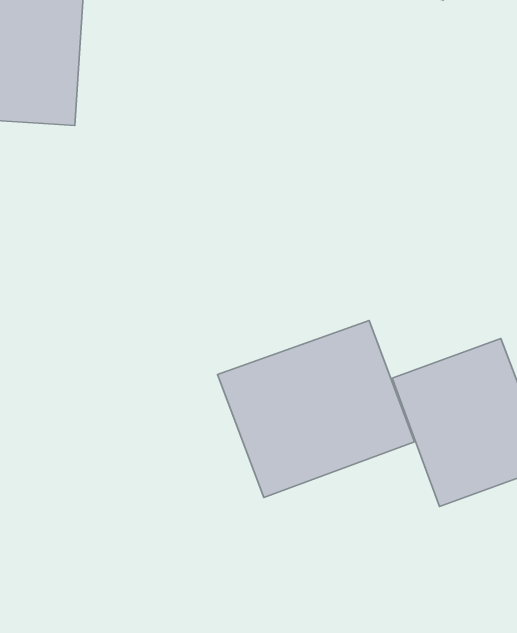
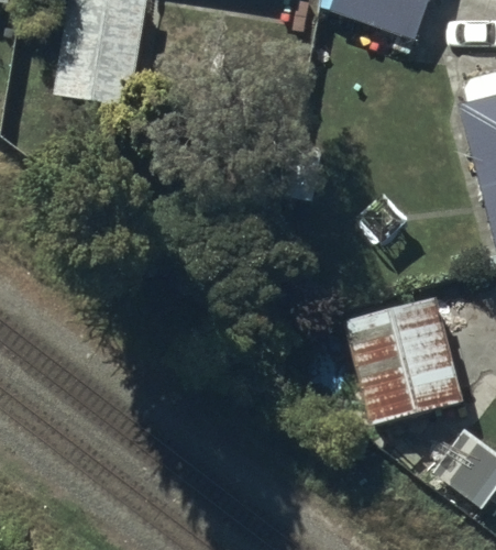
building: [217,320,415,497] -> none

